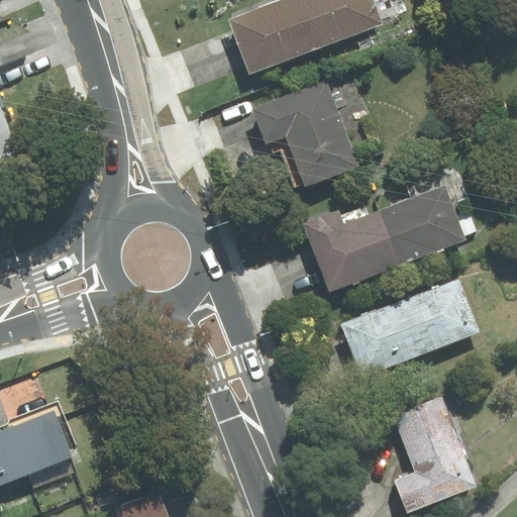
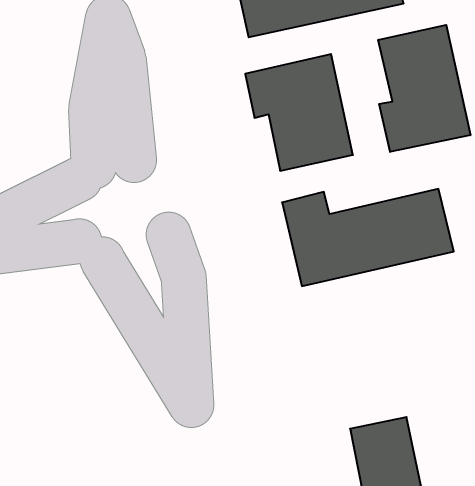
building: none -> [378,25,470,152]
building: [339,275,480,378] -> none

